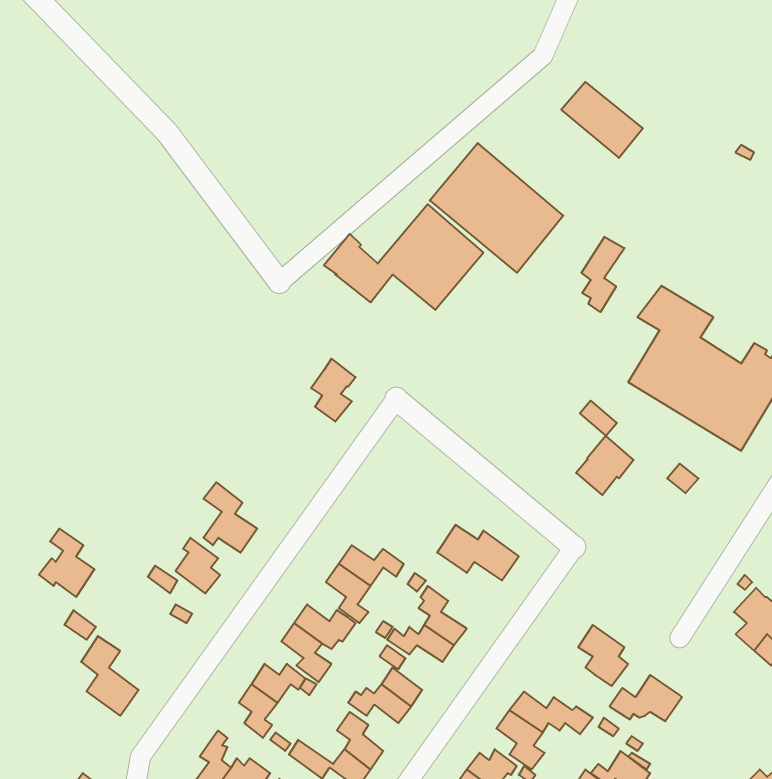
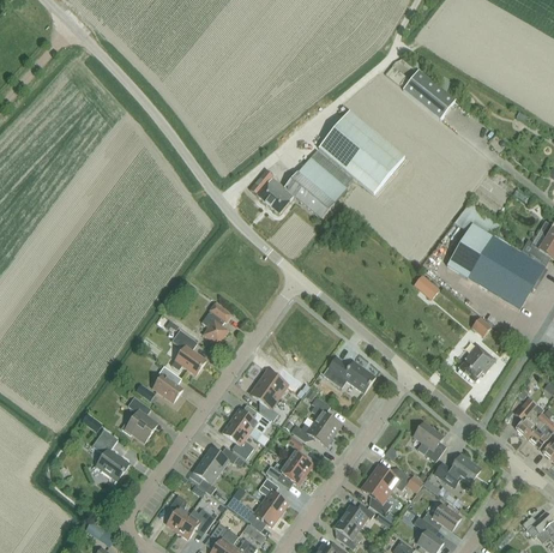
building: [581,237,625,312] -> none
building: [311,359,356,422] -> [201,302,230,343]
building: [576,436,634,495] -> [458,343,495,381]
building: [39,529,95,597] -> [121,397,157,441]

